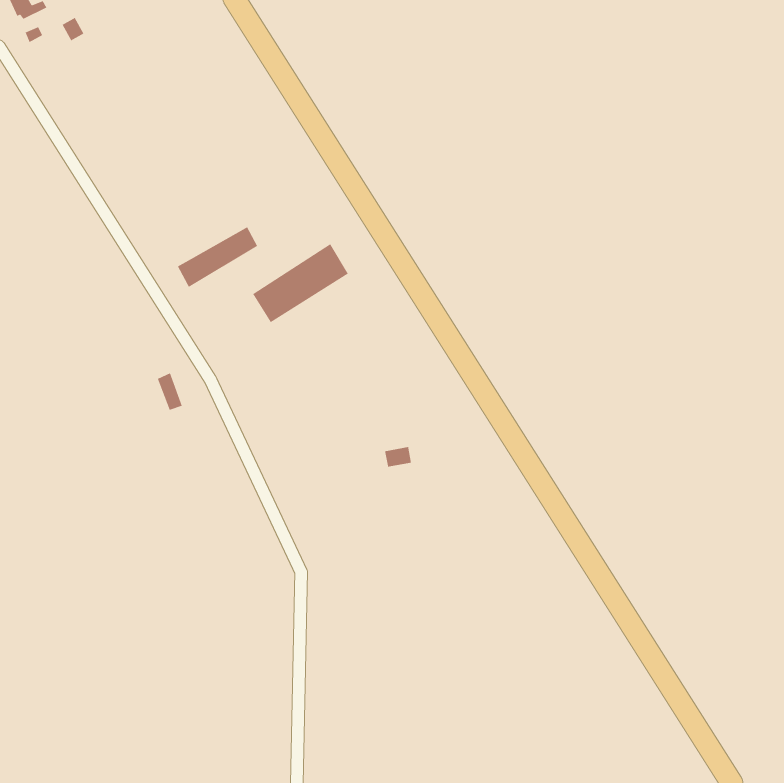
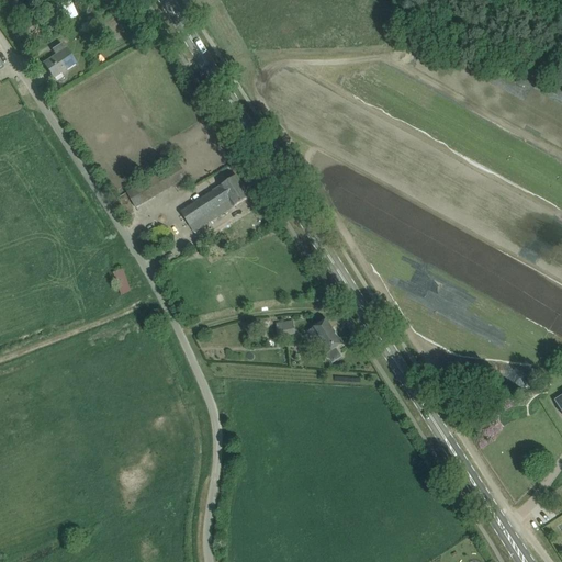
building: none -> [43,41,75,76]
building: none -> [306,317,341,351]

